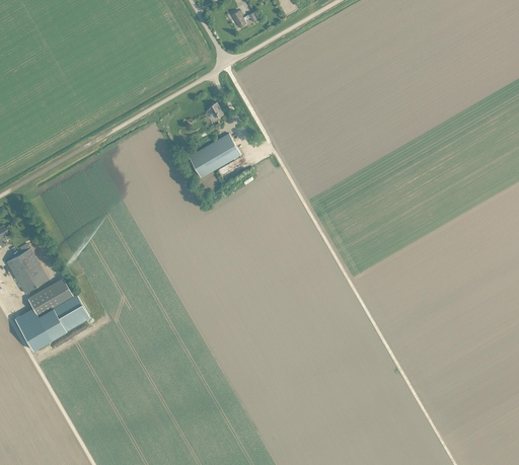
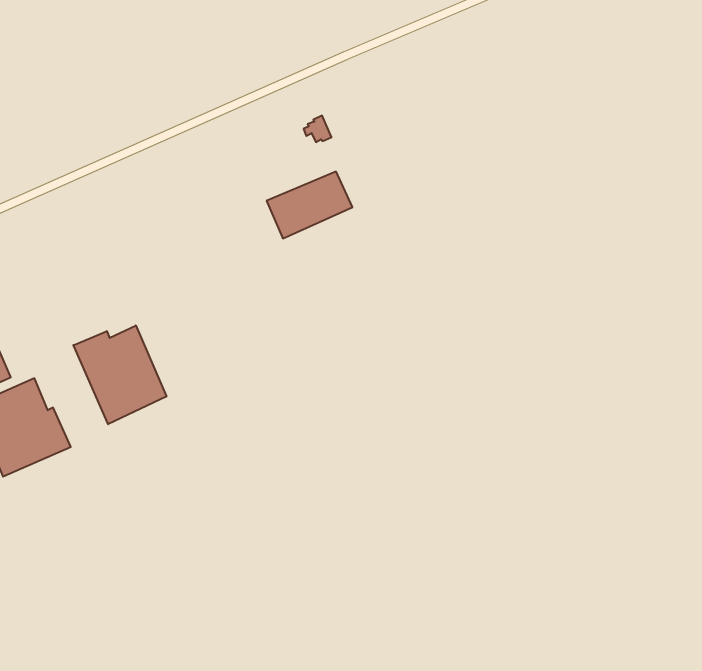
building: none -> [73,325,166,424]

